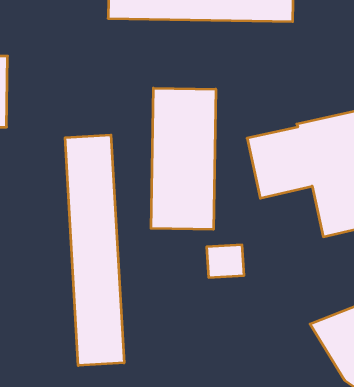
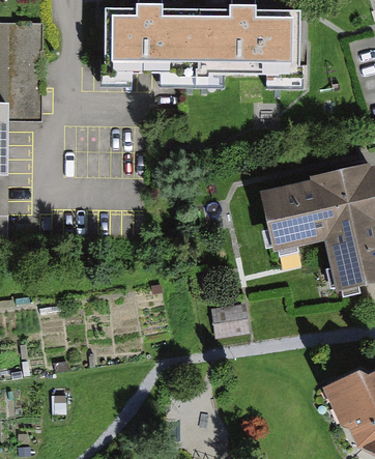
building: [151,88,216,229] -> none
building: [65,135,124,366] -> none

